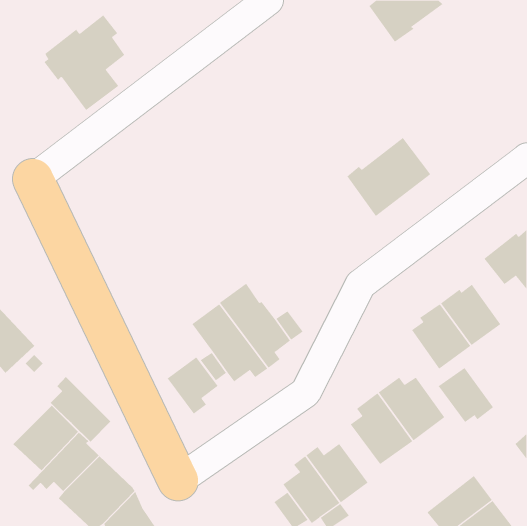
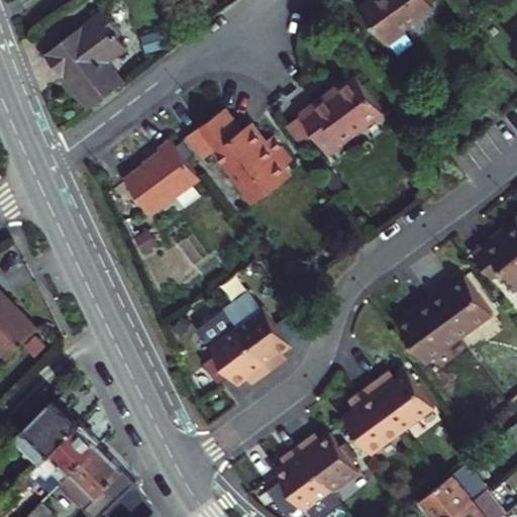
building: none -> [189,109,292,197]
building: [346,137,431,217] -> [299,76,382,153]
building: none -> [128,142,204,218]
building: [167,356,218,414] -> none
building: [438,367,494,423] -> none
building: [50,376,111,442] -> none

